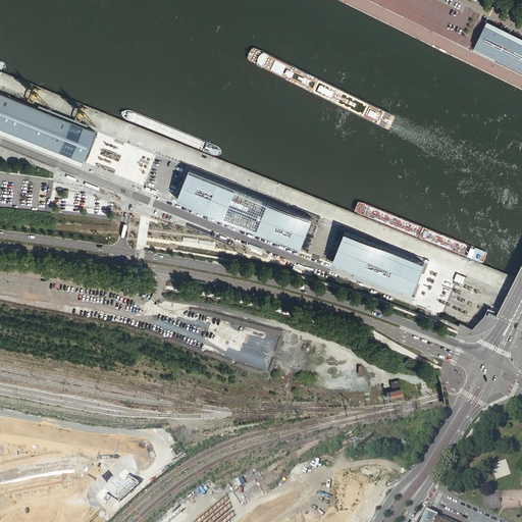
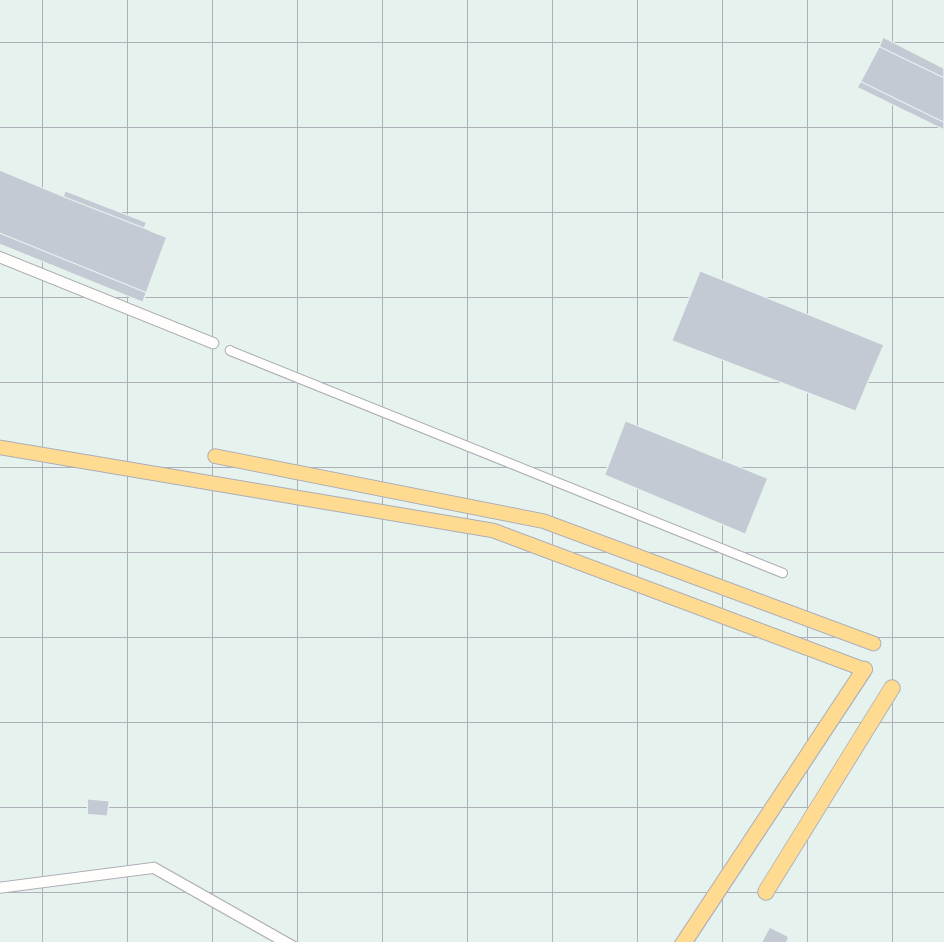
building: none -> [672,271,884,411]
building: [175,172,310,252] -> none

